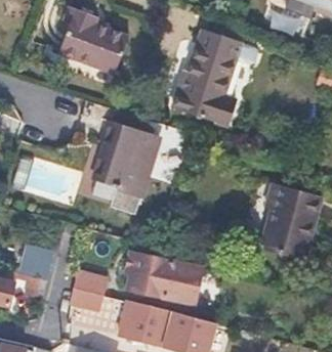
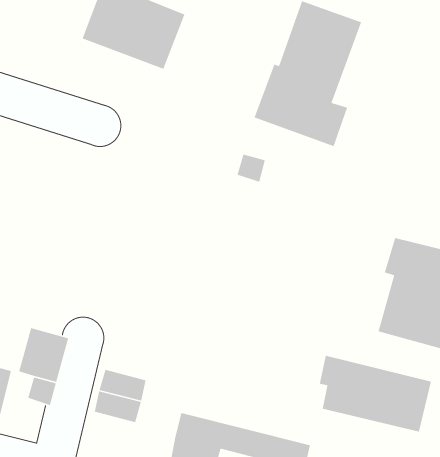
building: [91,119,153,215] -> none
building: [126,251,201,302] -> [319,355,432,432]

